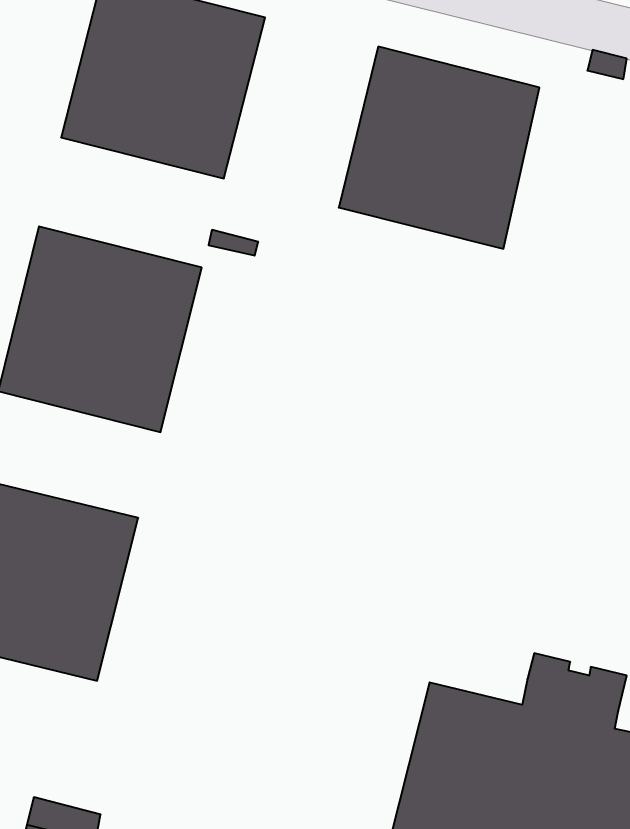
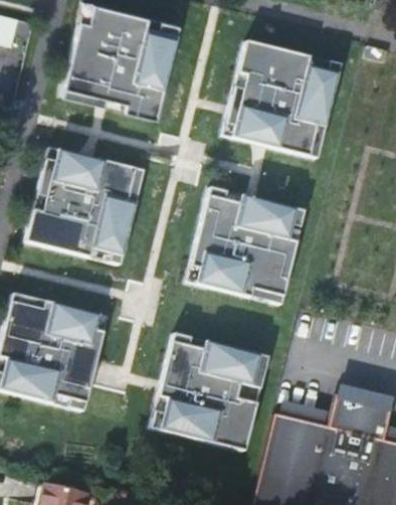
building: none -> [186,186,308,306]
building: none -> [150,333,268,453]

